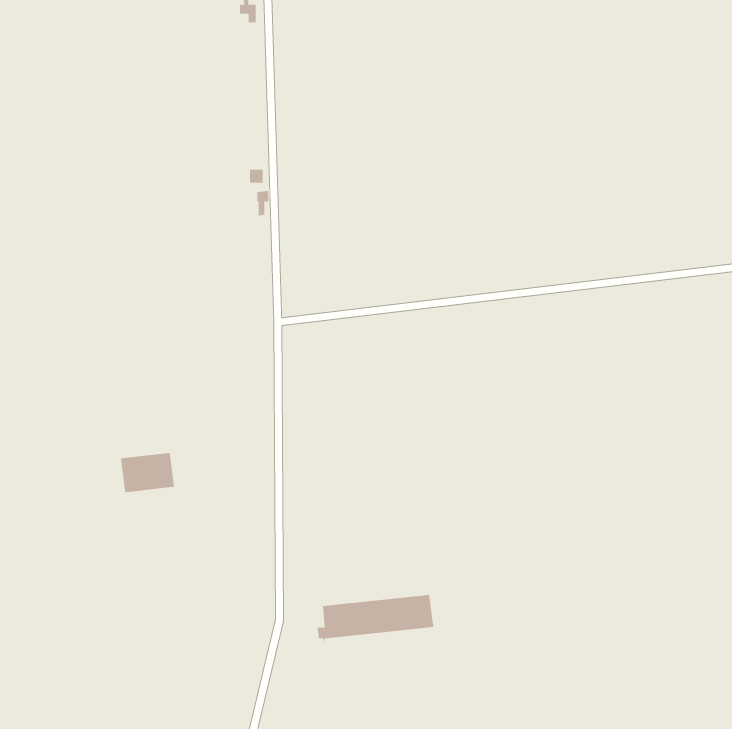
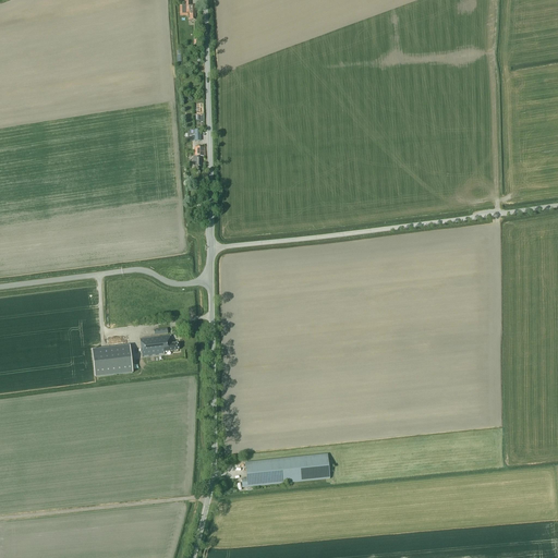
building: none -> [140,333,179,355]

